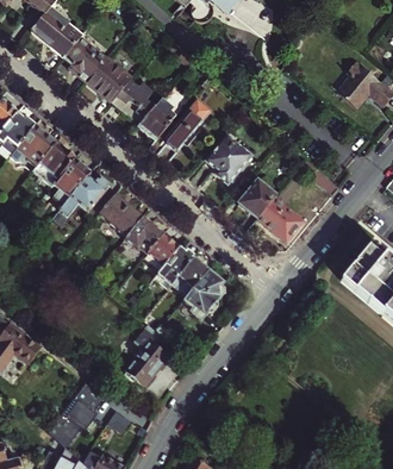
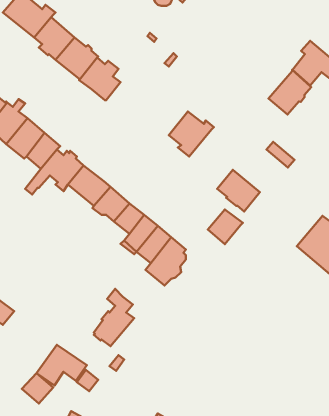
building: none -> [268,70,311,114]
building: [164,98,211,150] -> none
building: [138,104,171,138] -> none
building: [239,180,276,217] -> [208,209,243,244]

